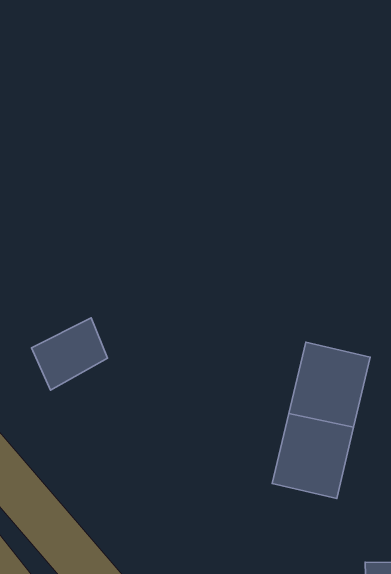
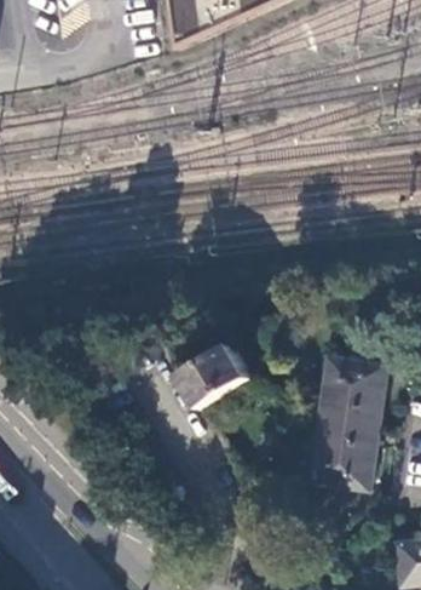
building: [32,318,108,390] -> [183,340,249,406]

